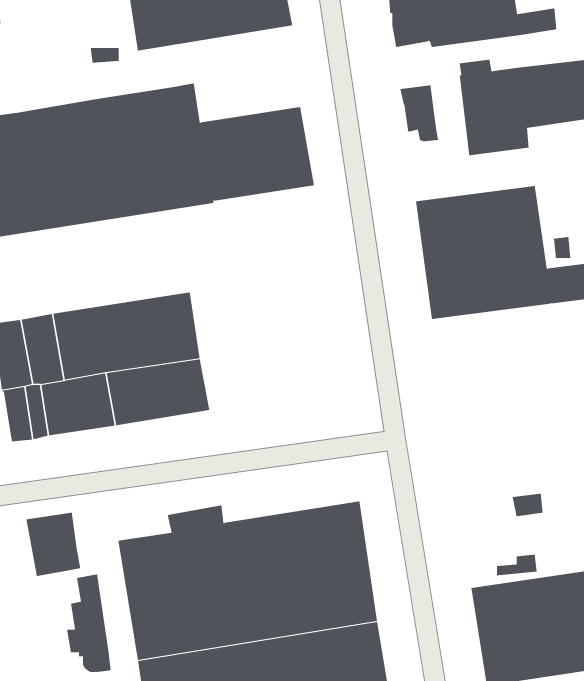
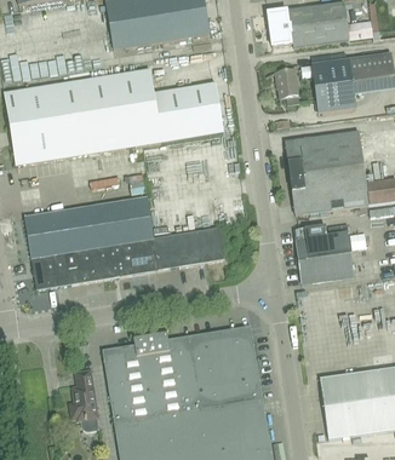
building: none -> [296,224,353,282]
building: none -> [153,226,225,269]
building: [26,512,81,577] -> none

